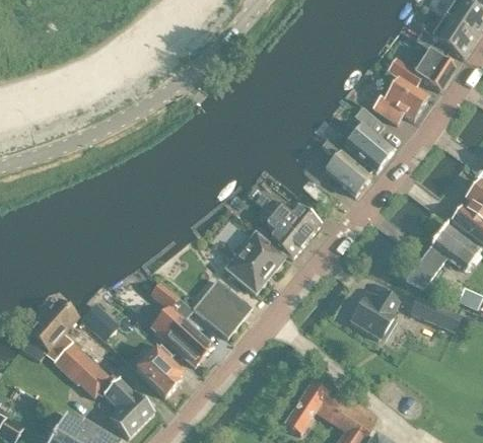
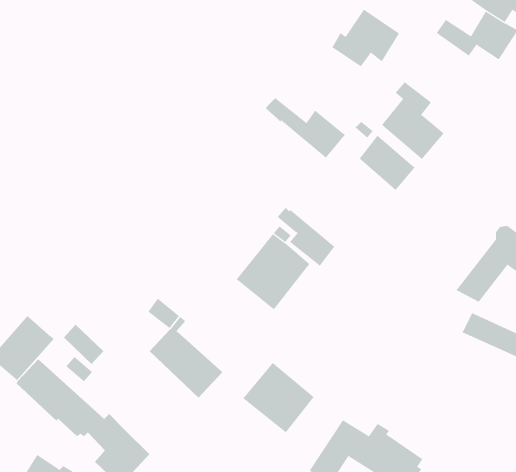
building: [372,77,428,125] -> [331,9,400,67]
building: [256,193,322,242] -> [265,97,346,158]
building: [193,280,252,338] -> [243,362,315,433]
building: [350,293,399,339] -> none
building: [136,346,183,398] -> none

